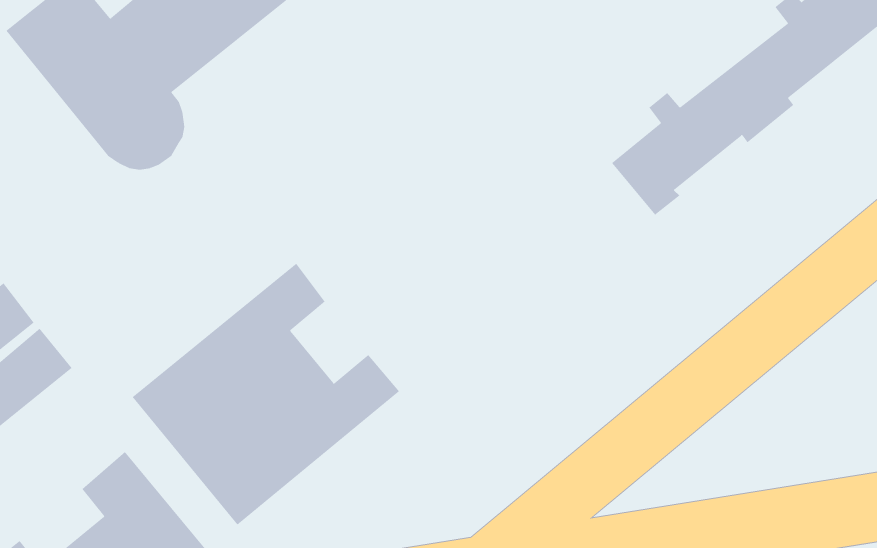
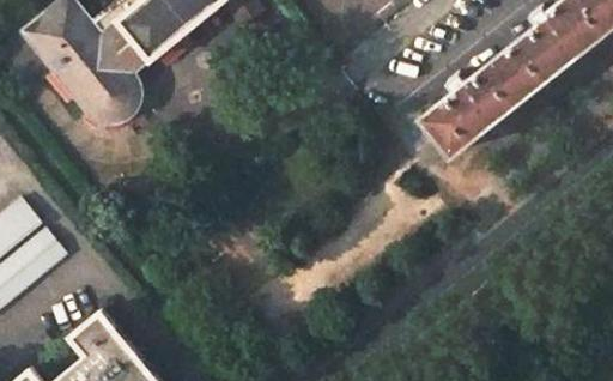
building: [132,263,400,526] -> none

